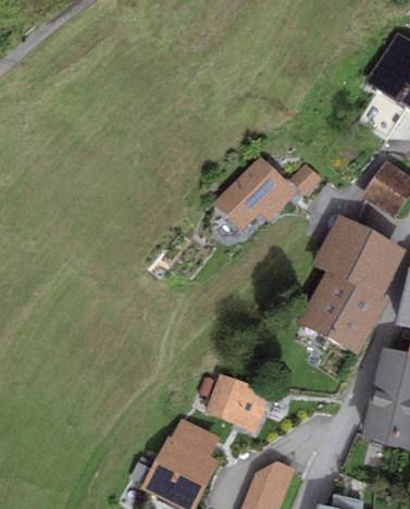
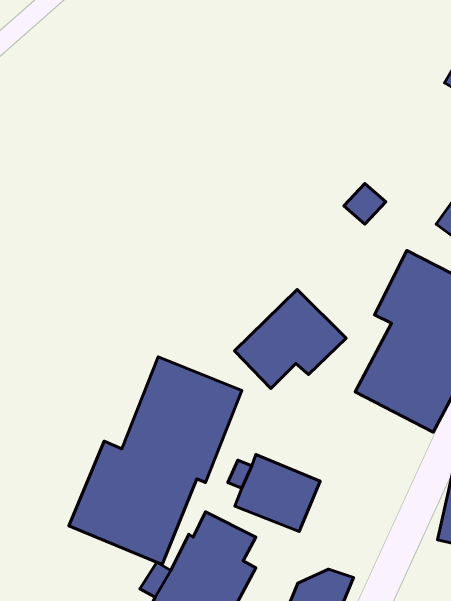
building: [212,156,299,233] -> [234,289,346,389]
building: none -> [69,357,242,564]

